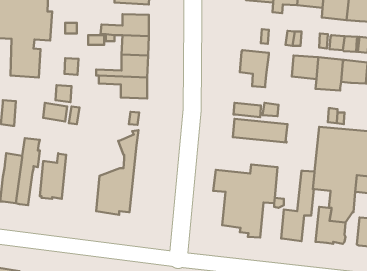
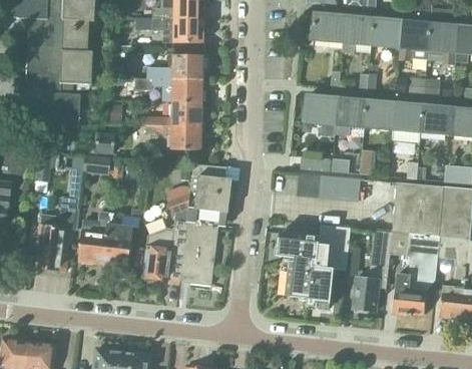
building: none -> [335,97,367,135]
building: none -> [179,164,230,286]
building: none -> [103,214,131,268]

